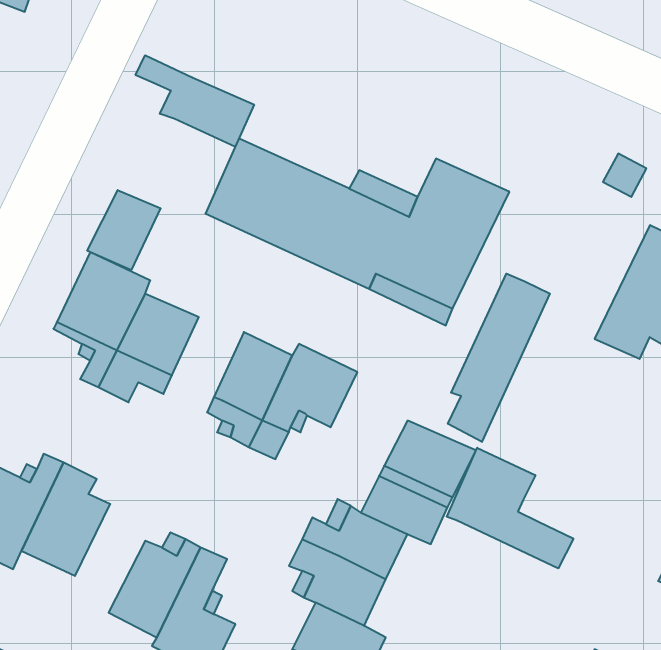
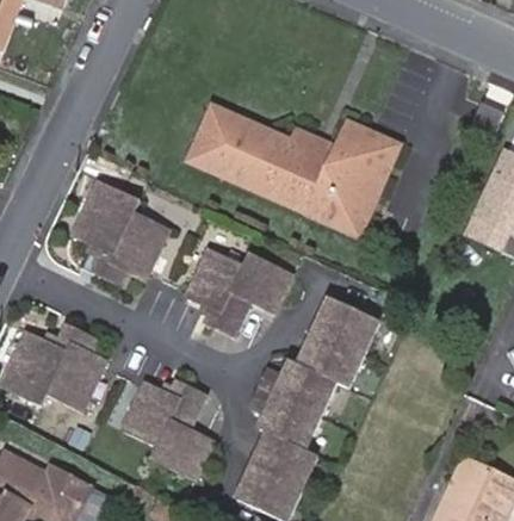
building: [136,55,254,147] -> none
building: [87,190,161,270] -> none
building: [448,274,550,442] -> none
building: [447,448,573,568] -> none

